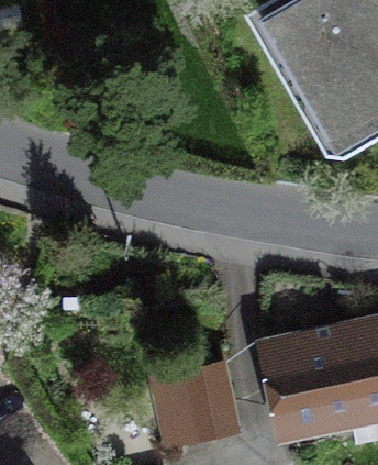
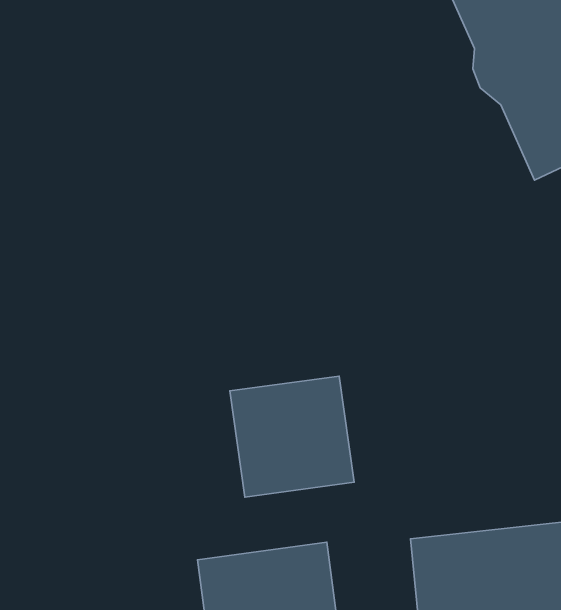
building: none -> [230,376,354,497]

